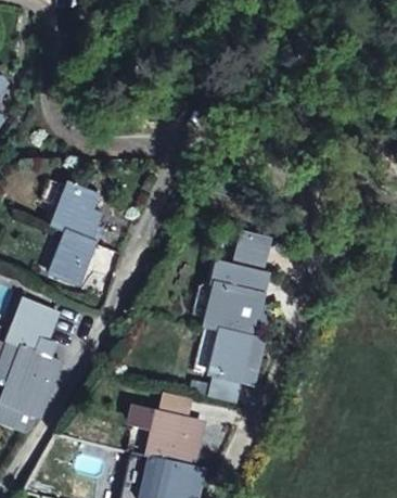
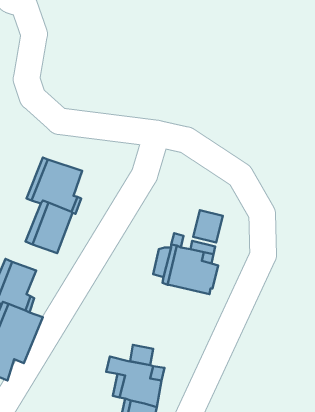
building: [196,324,267,383] -> none

